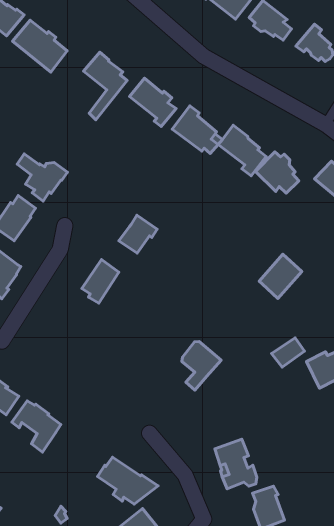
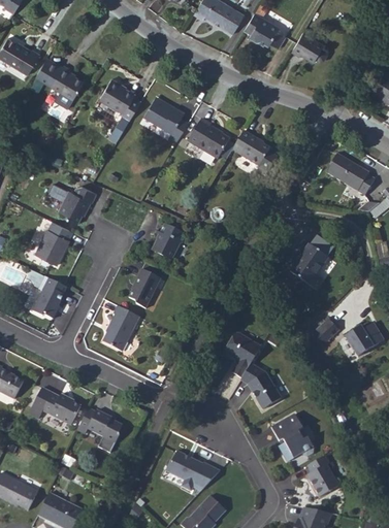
building: [256,152,299,193] -> none
building: none -> [98,305,136,353]
building: none -> [242,363,282,409]

